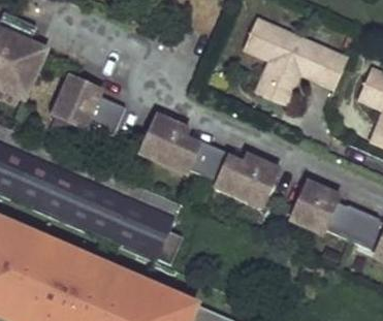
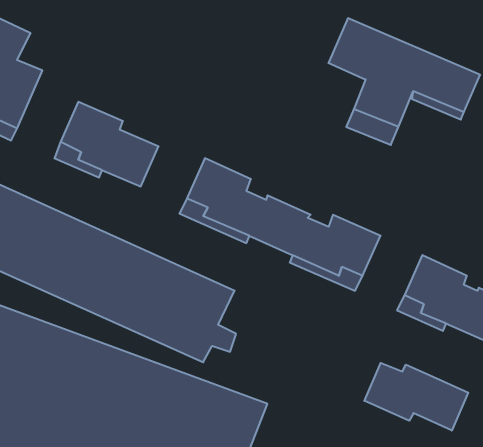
building: none -> [364,363,468,431]

